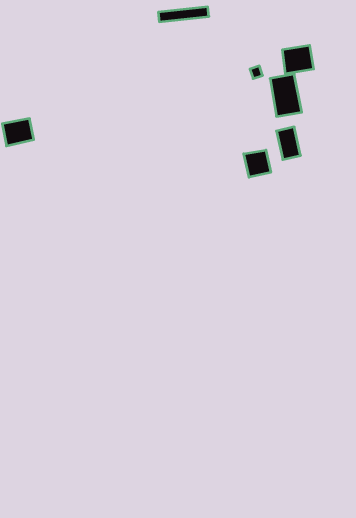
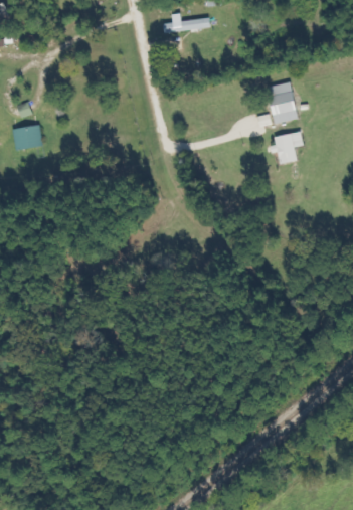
building: [283,45,314,74] -> none
building: [244,150,271,177] -> none

